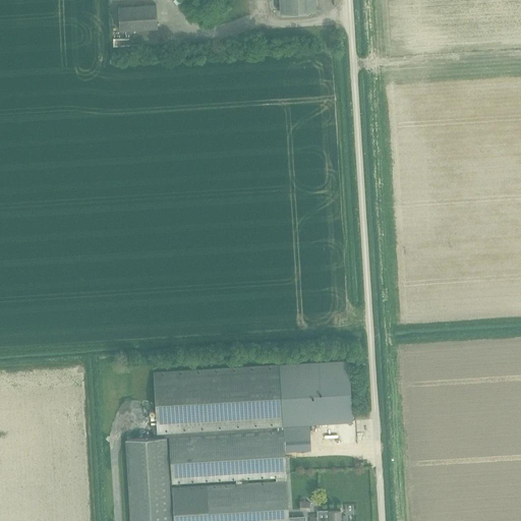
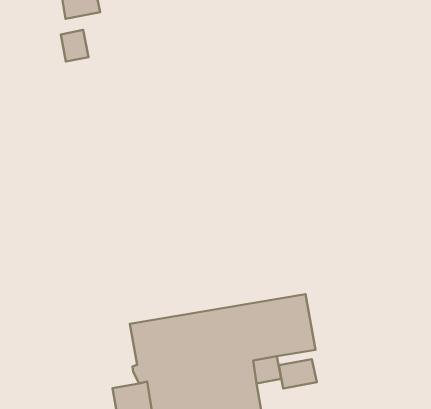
building: none -> [61,30,88,61]
building: none -> [279,359,317,388]

